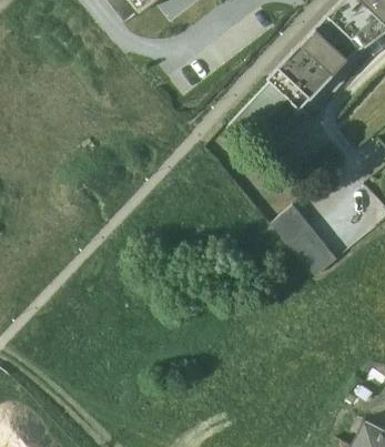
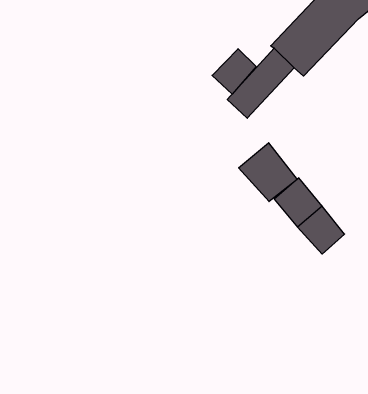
building: none -> [212,49,256,94]
building: none -> [239,143,297,202]

